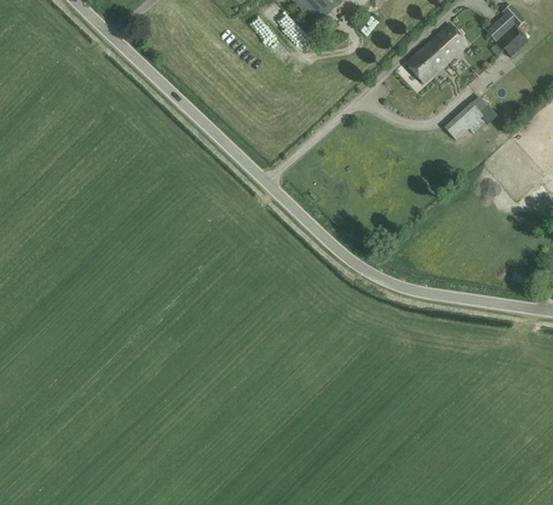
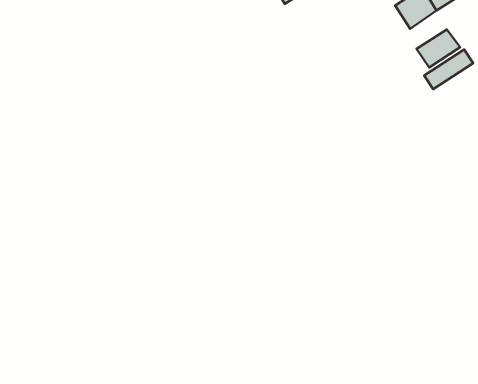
building: none -> [416,30,460,68]

